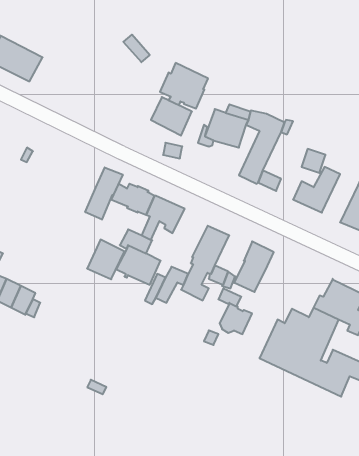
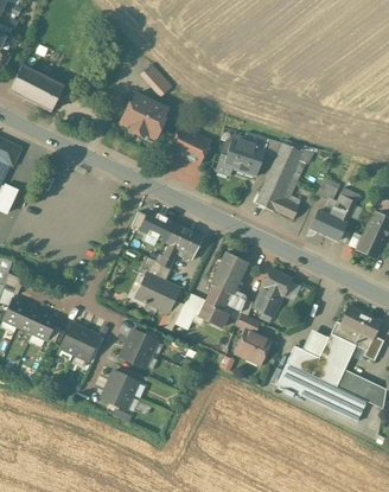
building: [160,63,208,109] -> [120,94,167,139]
building: [85,167,123,220] -> none
building: [87,240,124,279] -> [120,328,157,368]
building: none -> [60,322,100,360]
building: none -> [101,370,138,409]

